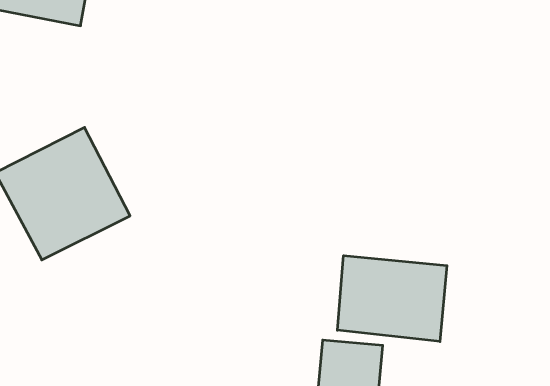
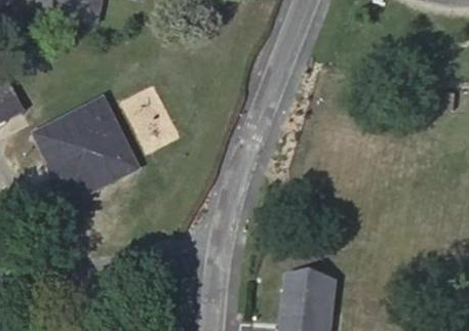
building: [337,256,447,342] -> none

